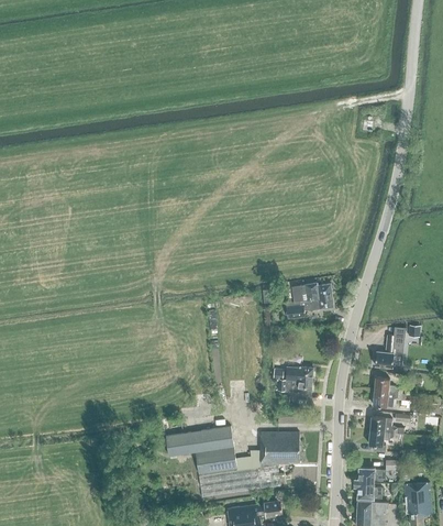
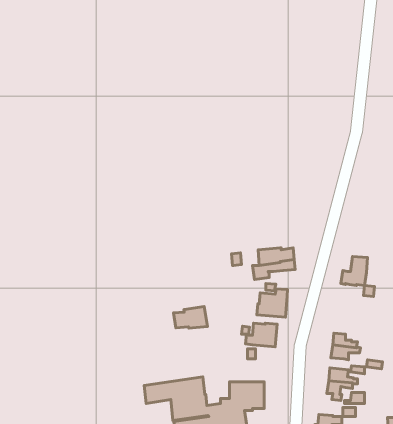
building: none -> [257,284,287,317]
building: [375,336,405,368] -> [341,257,367,285]
building: none -> [173,307,208,328]

